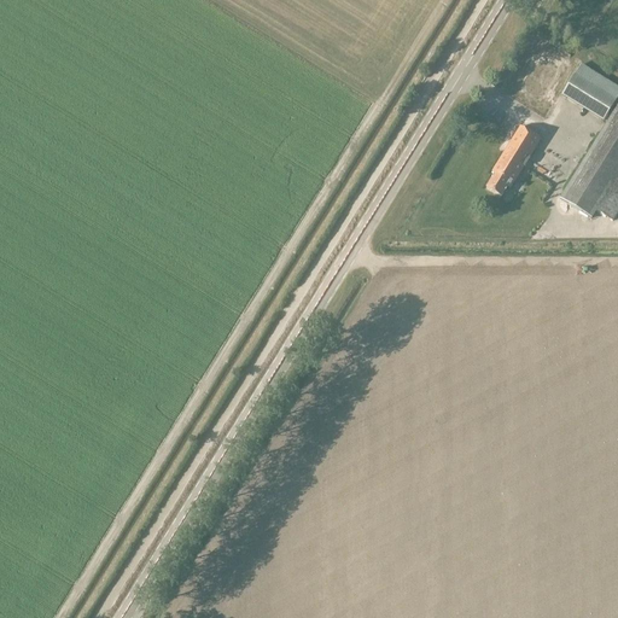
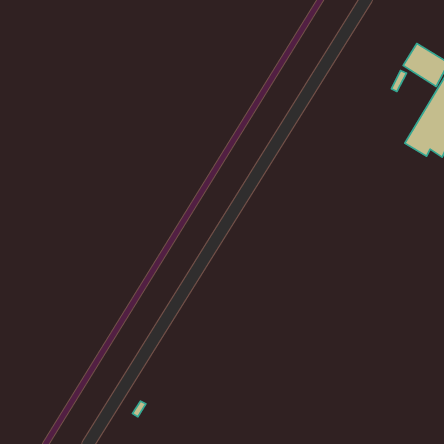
building: [488,124,542,196] -> none

